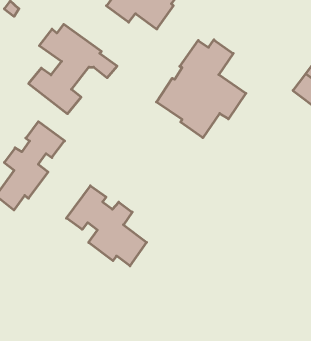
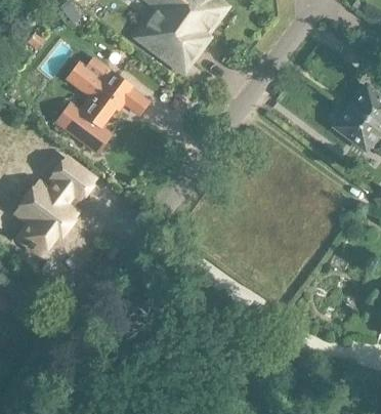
building: [156,40,246,138] -> none
building: [66,186,147,266] -> none

